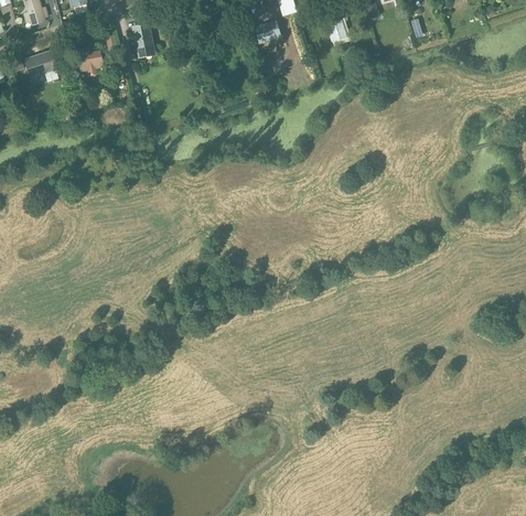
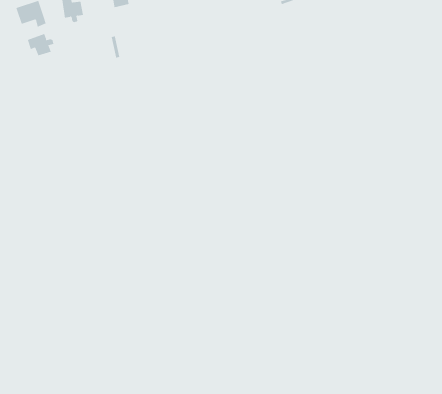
building: none -> [27,33,54,56]

